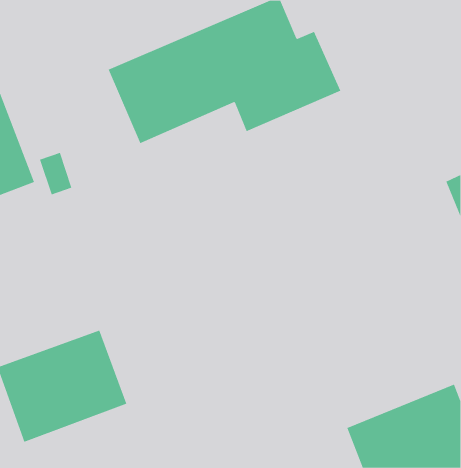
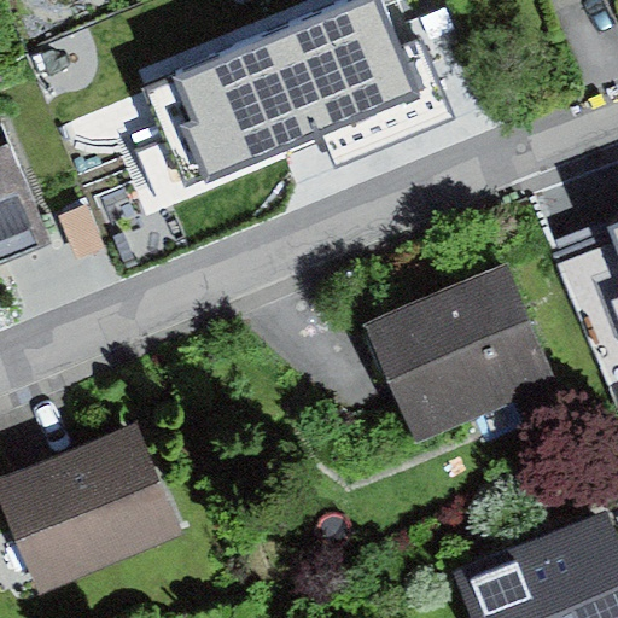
building: none -> [374,263,559,430]

